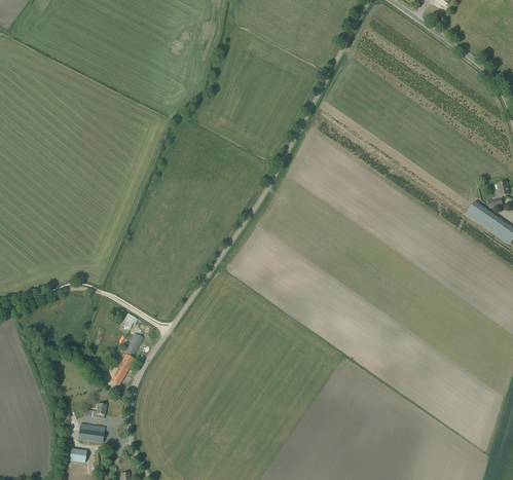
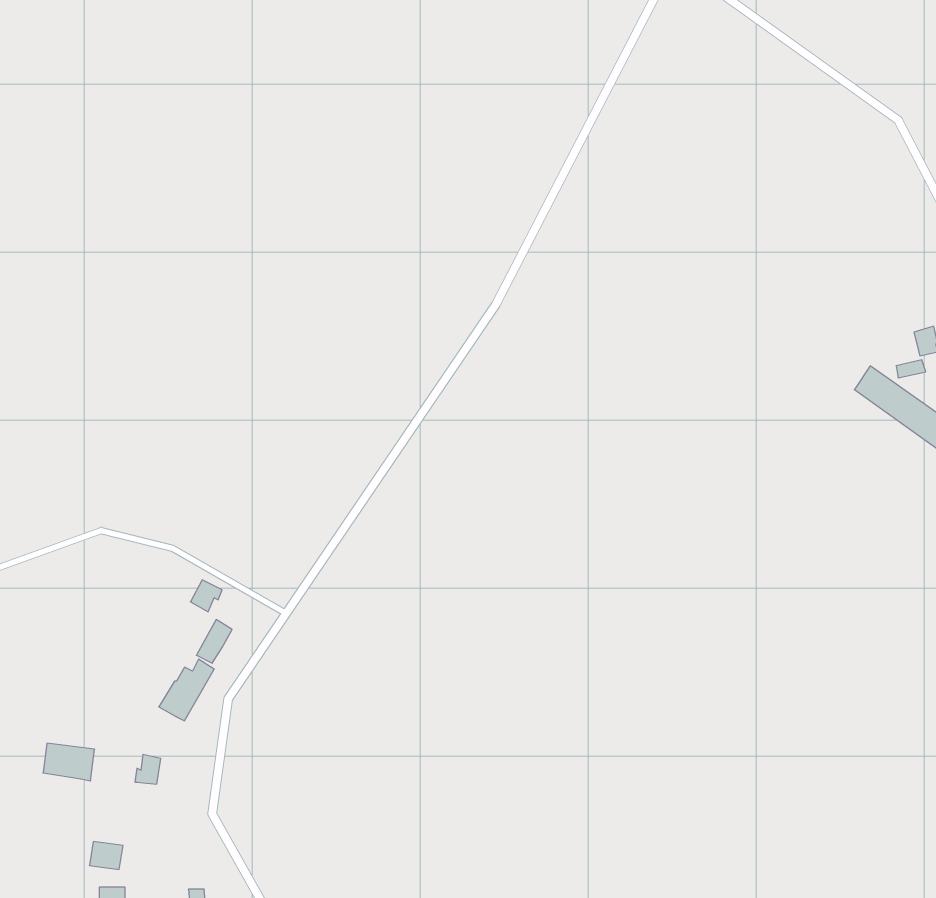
building: [78,422,105,442] -> [43,743,95,781]

